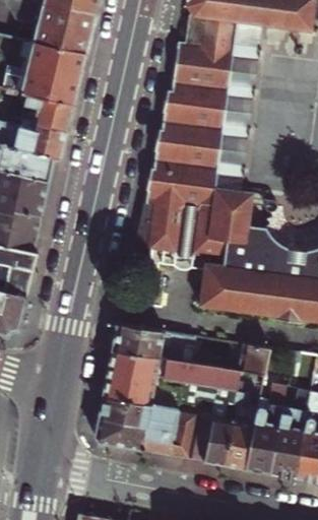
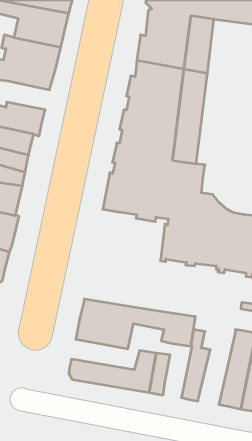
building: [19,96,72,130] -> none
building: [113,324,273,375] -> none
building: [245,385,289,473] -> none
building: [98,397,177,433] -> none
building: [204,402,238,465] -> none

